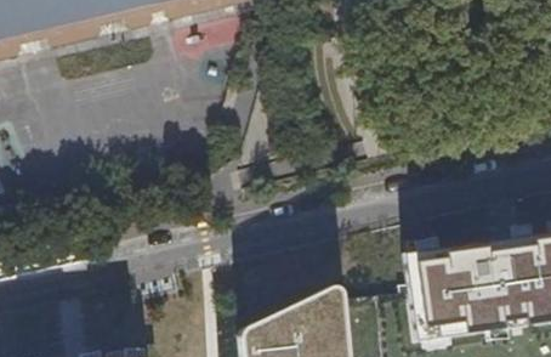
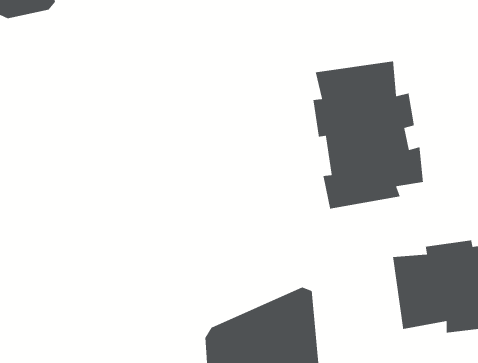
building: none -> [313,61,424,210]

